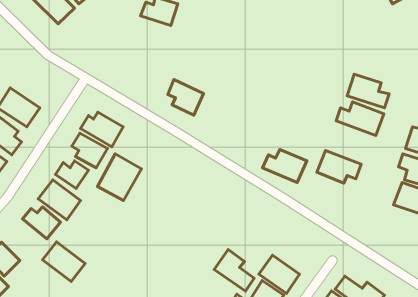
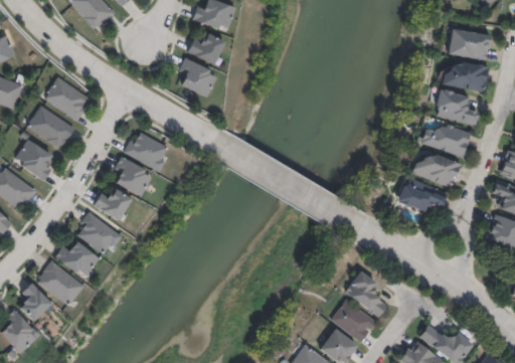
building: none -> [447,27,491,60]
building: none -> [186,32,225,64]
building: none -> [440,60,488,92]
building: none -> [43,75,93,121]
building: [168,80,203,115] -> [177,56,218,98]
building: [263,150,307,182] -> [410,151,462,189]
building: [98,154,141,200] -> none
building: [43,242,85,282] -> [35,259,84,306]
building: [214,249,254,291] -> [343,269,389,318]

